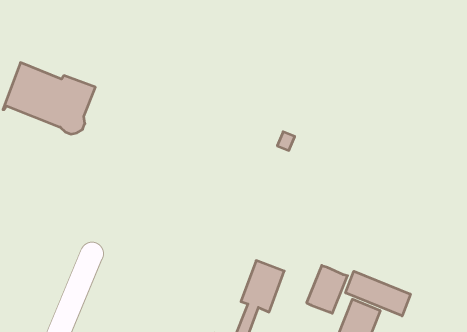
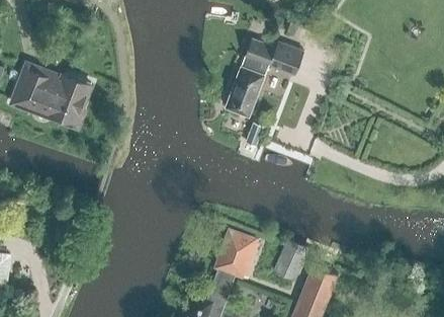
building: none -> [227,38,303,115]
building: [346,271,410,316] -> none

